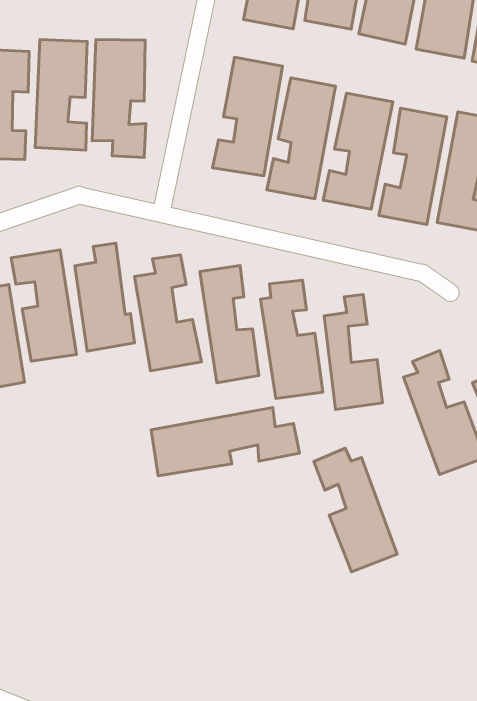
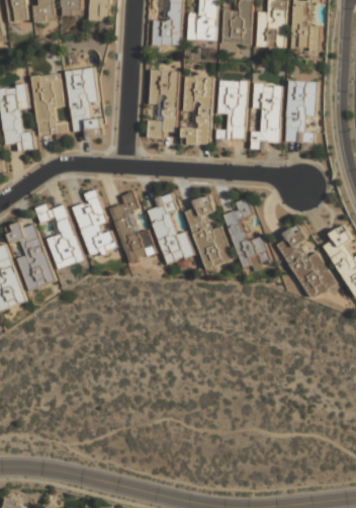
building: [151,408,299,476] -> none
building: [314,448,397,572] -> none

